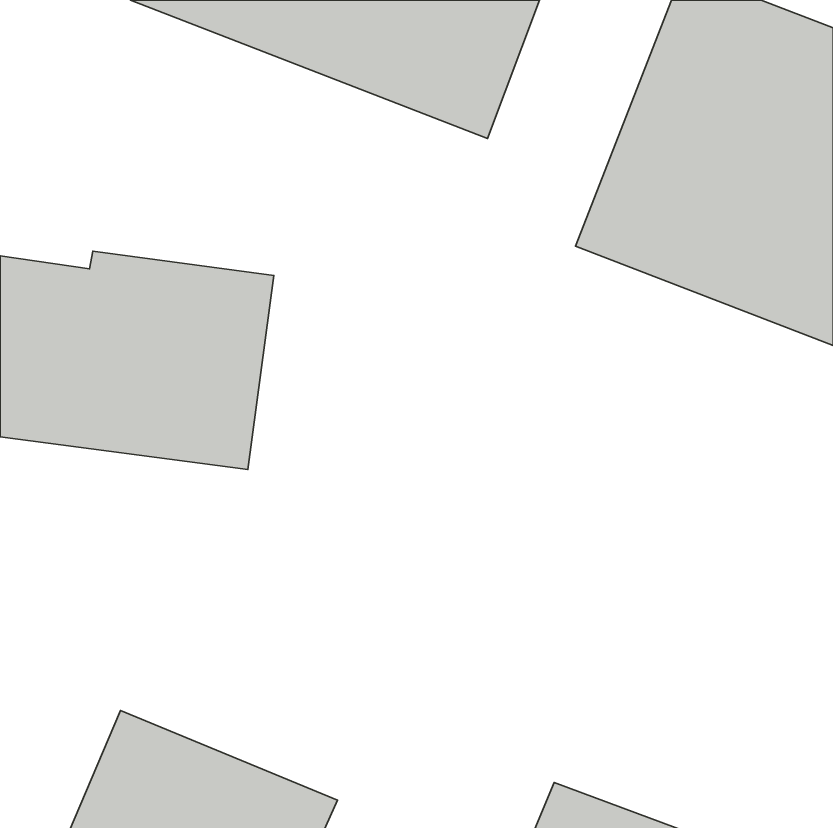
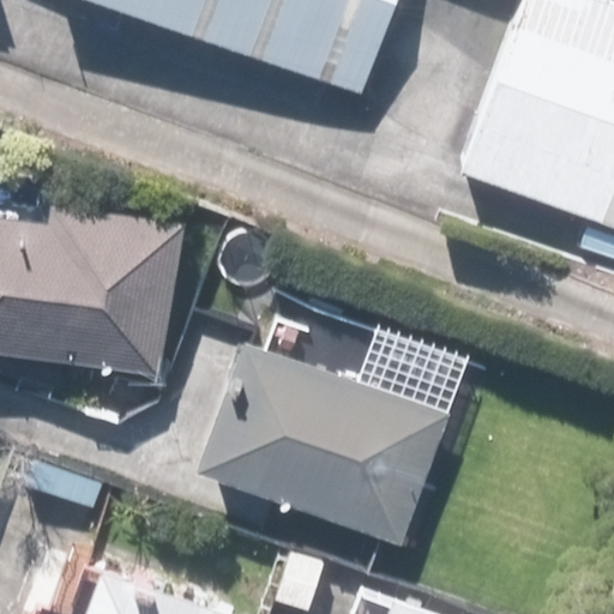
building: none -> [213,324,464,534]

